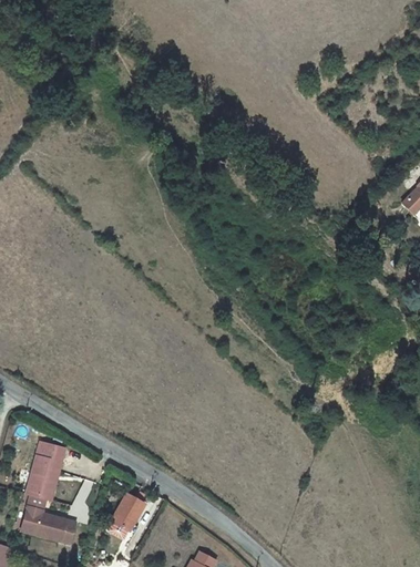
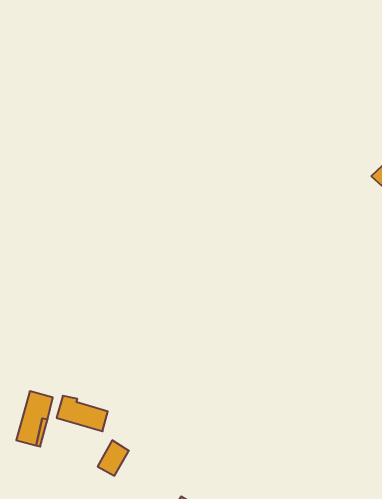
building: [23,504,78,542] -> [57,396,108,431]

